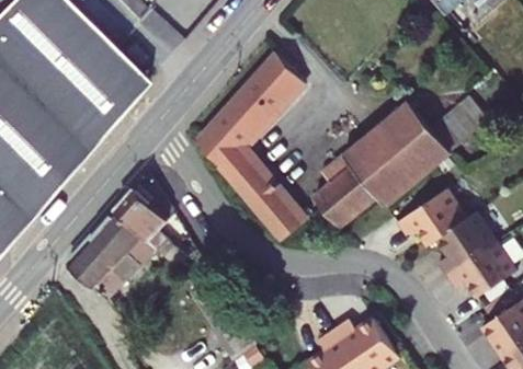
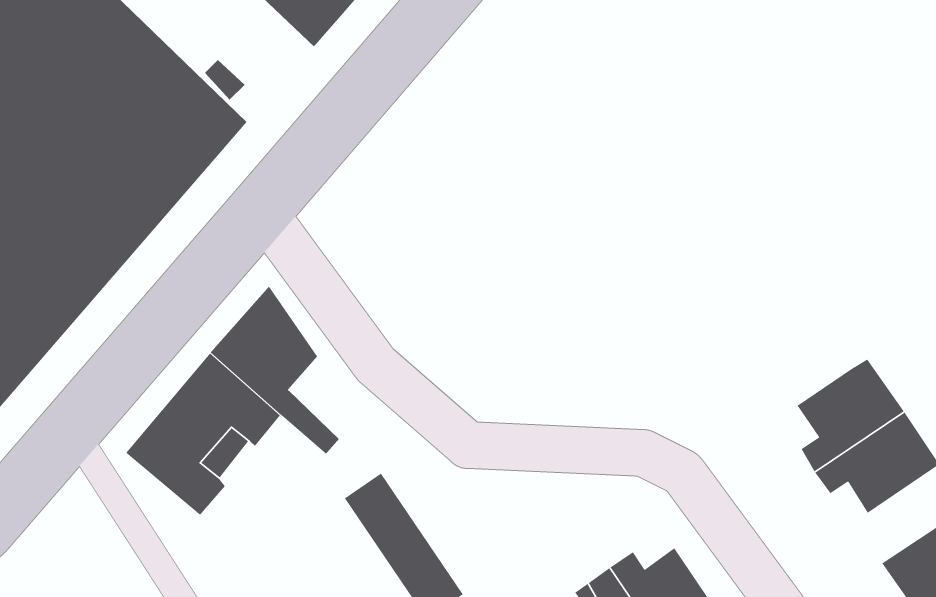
building: [206,55,312,239] -> none
building: [322,87,496,226] -> none
building: [406,187,476,244] -> none

